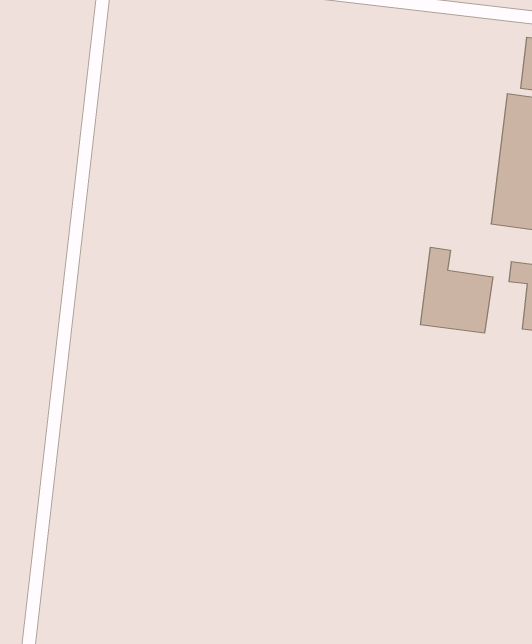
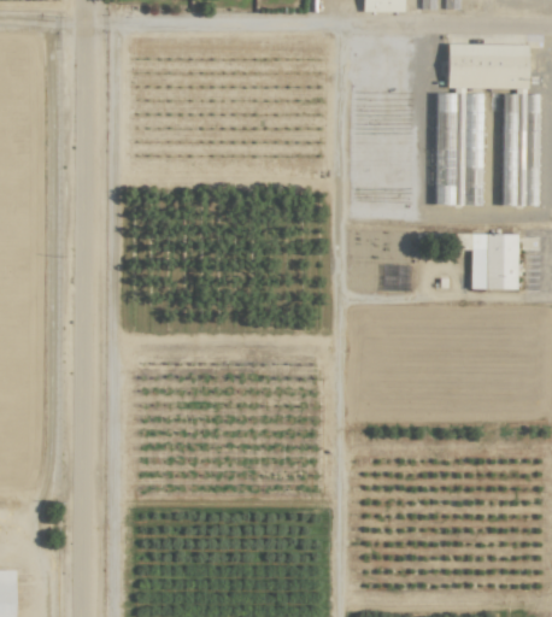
building: [420,247,493,333] -> none

